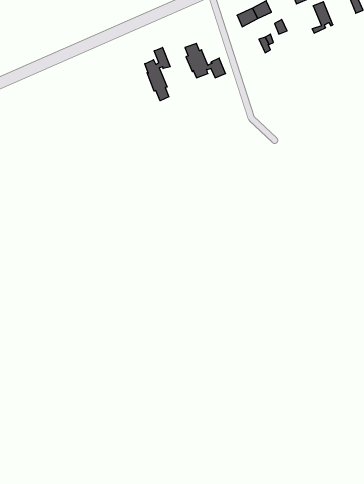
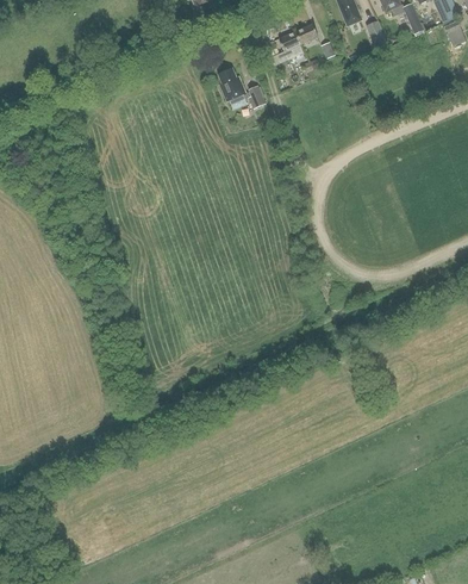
building: [145,47,170,101] -> none

